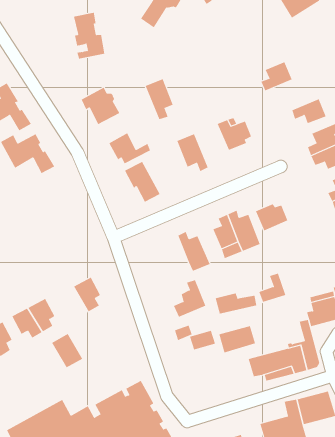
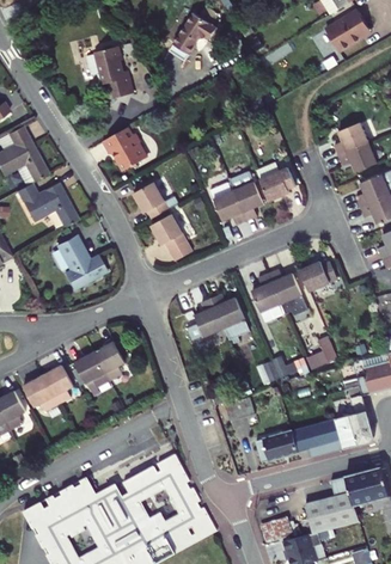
building: [260,61,292,91] -> [335,119,371,153]
building: [145,78,174,120] -> [231,171,263,217]
building: none -> [55,231,105,286]
building: [173,279,206,318] -> [187,294,224,337]
building: [219,326,256,353] -> [255,433,297,464]
building: [51,333,83,368] -> [75,351,111,391]

